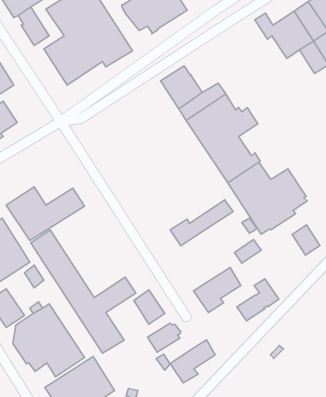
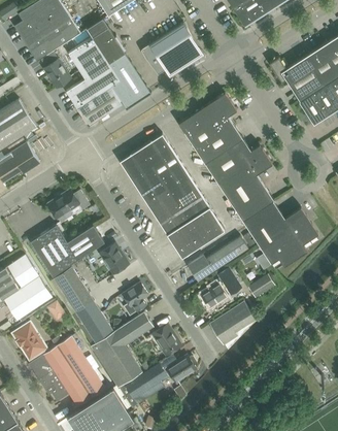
building: none -> [201,93,237,134]
building: none -> [299,93,327,125]
building: none -> [120,134,225,257]
building: none -> [47,190,90,224]
building: none -> [100,243,129,275]
building: [292,225,320,255] -> none
building: none -> [123,283,149,317]
building: [237,279,279,321] -> [201,269,241,309]
building: [170,340,215,383] -> [125,363,168,404]

